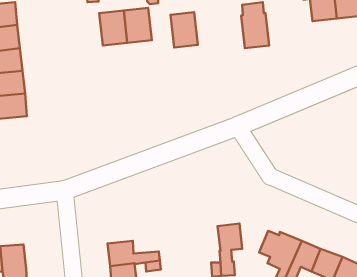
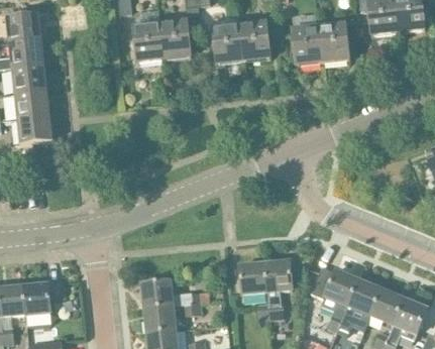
building: none -> [238,22,269,62]
building: none -> [318,23,349,63]
building: none -> [238,264,267,295]

